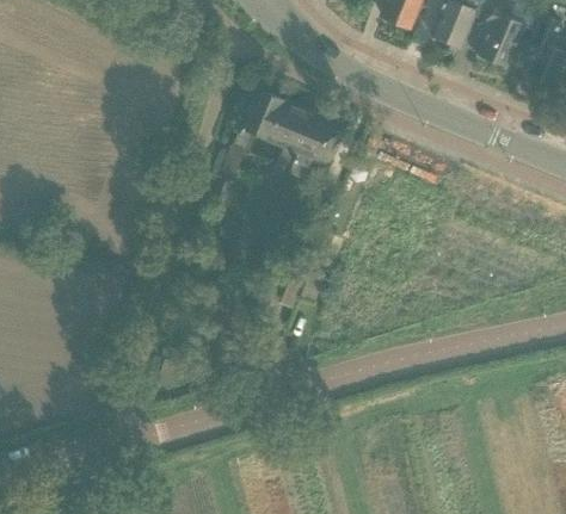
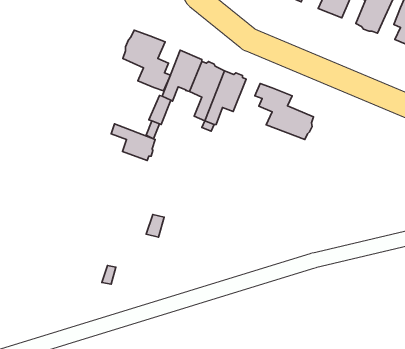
building: none -> [123,30,170,91]
building: none -> [255,83,313,139]
building: none -> [111,124,155,161]

